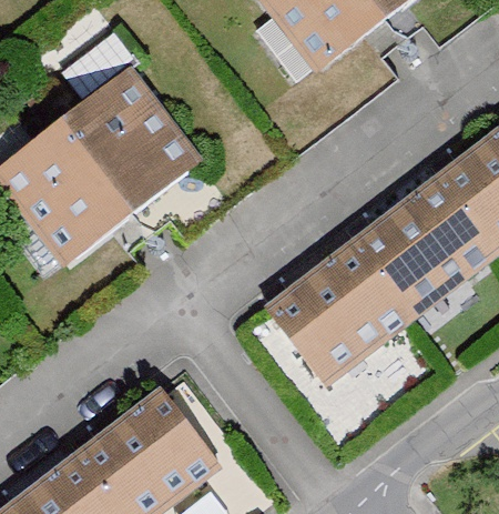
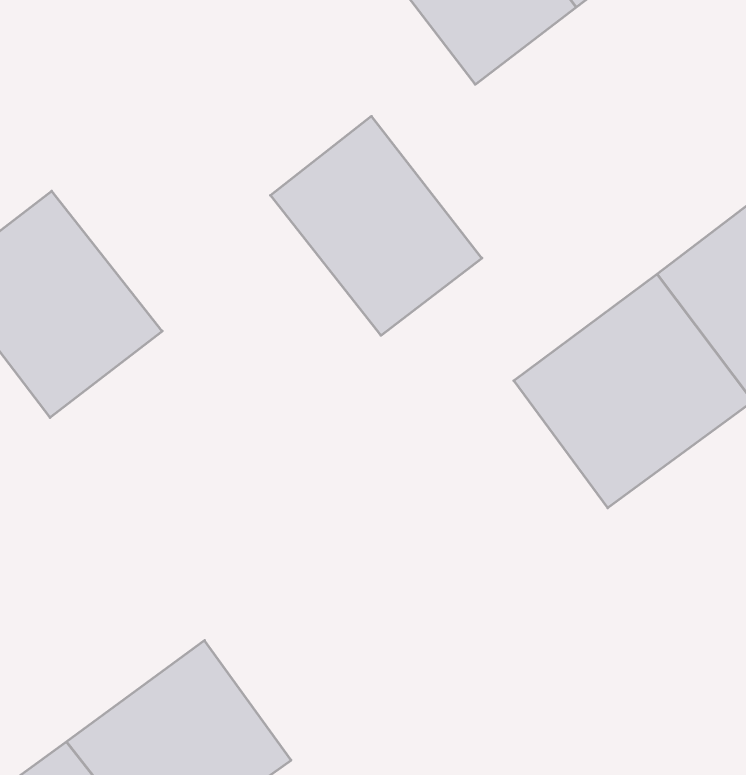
building: [71,78,198,210] -> [270,116,482,335]
building: [264,240,406,382] -> none

